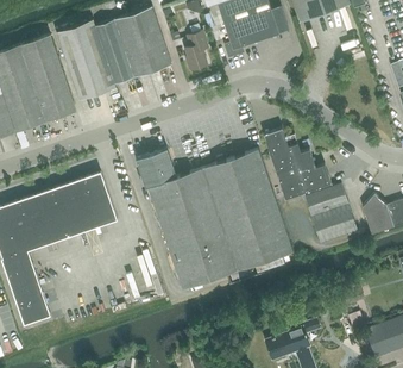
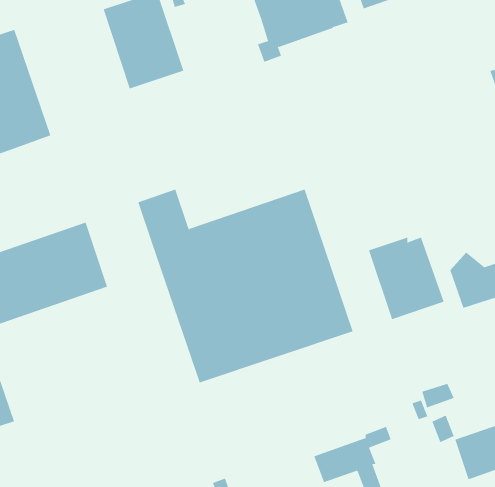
building: [56,21,132,101] -> none
building: [184,32,208,71] -> none
building: [263,130,332,200] -> none

